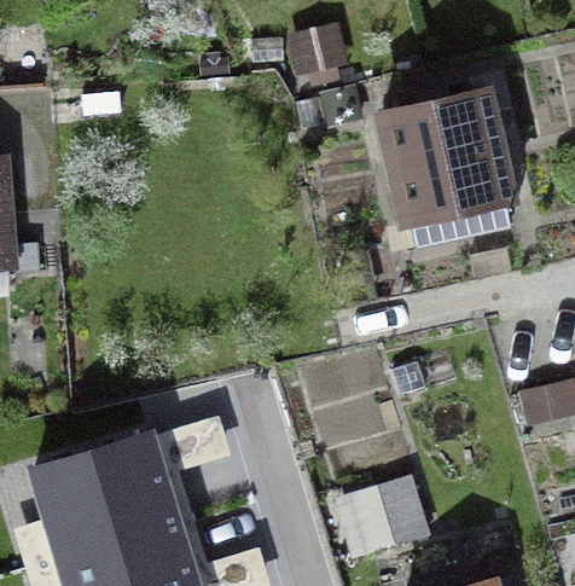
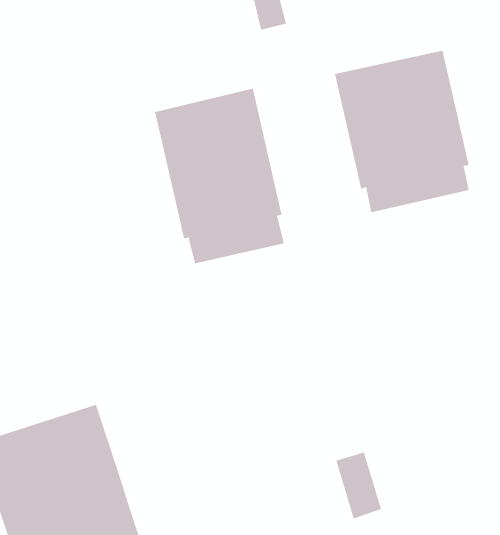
building: none -> [155,88,285,264]

